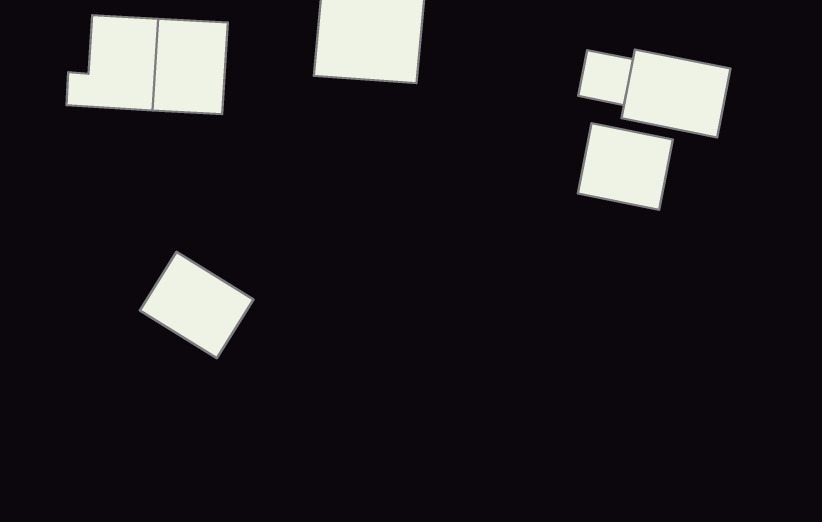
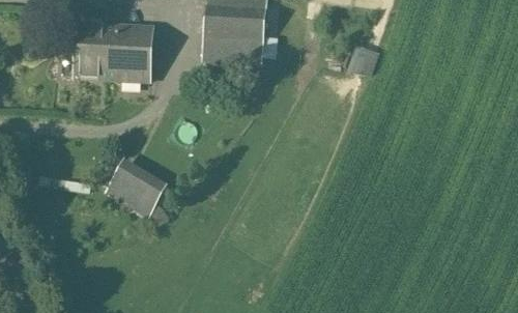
building: [622,50,731,137] -> none
building: [578,123,673,210] -> none

